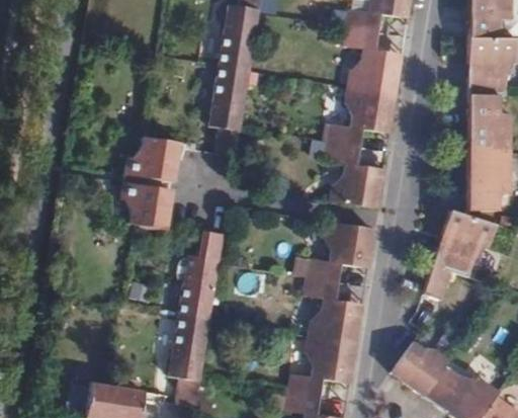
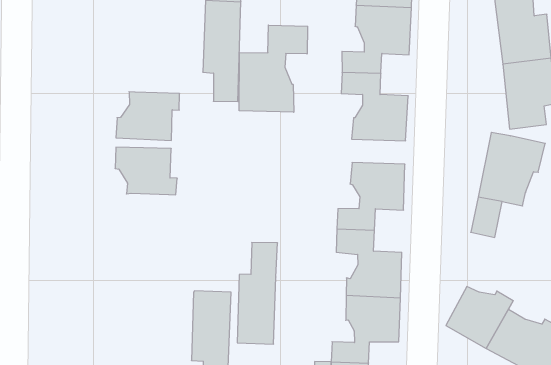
building: none -> [239,25,308,112]
building: [178,230,224,320] -> [237,243,278,344]

